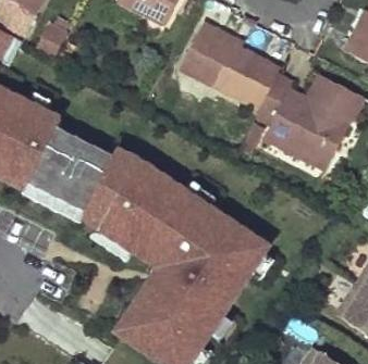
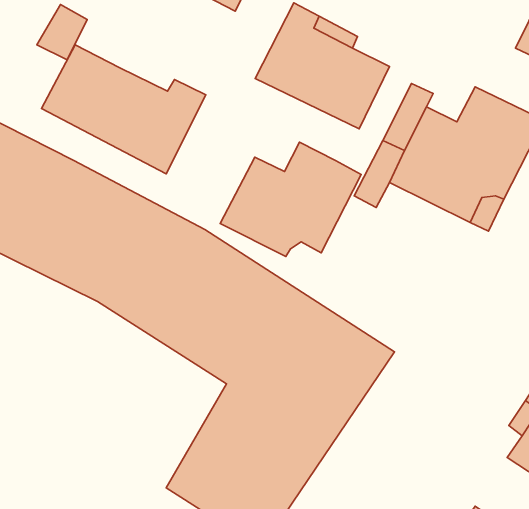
building: none -> [41,45,206,174]
building: none -> [220,142,361,256]

